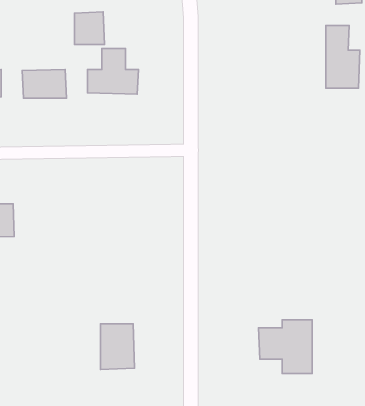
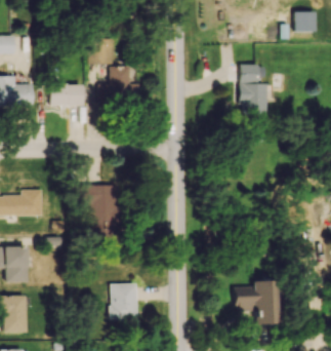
building: [326,26,360,88] -> [240,65,266,114]
building: none -> [75,185,119,240]

